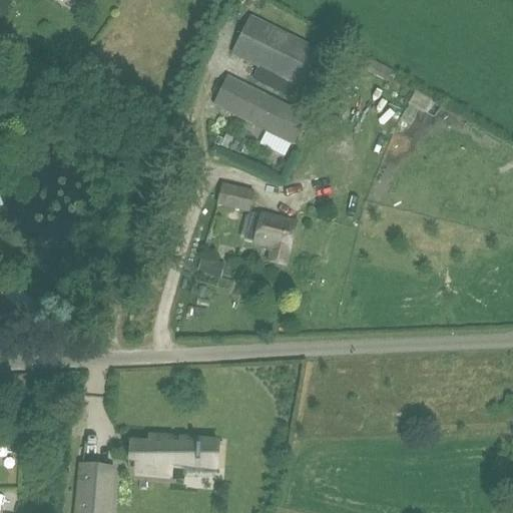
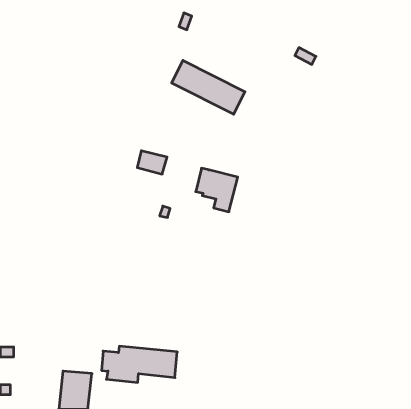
building: [231,14,328,103] -> none
building: [217,181,254,210] -> [137,151,167,174]

